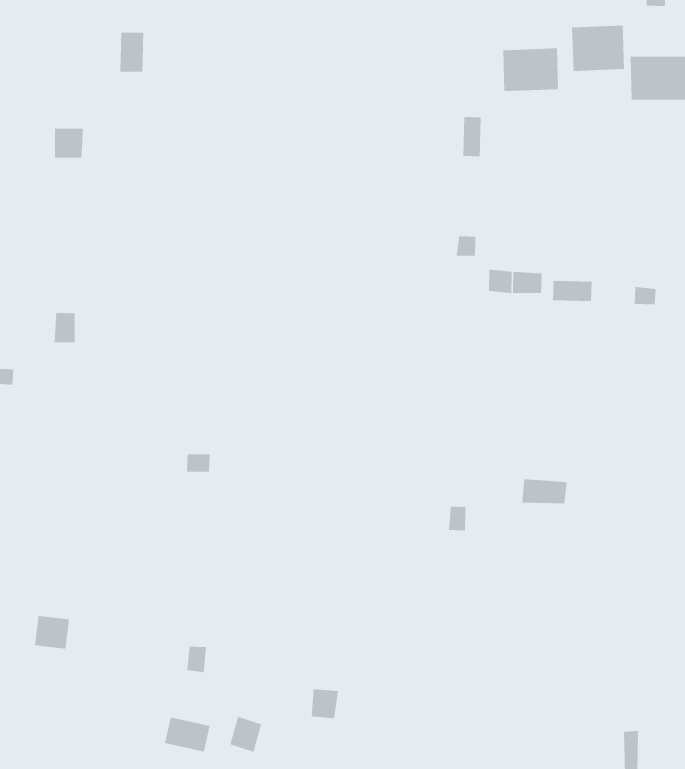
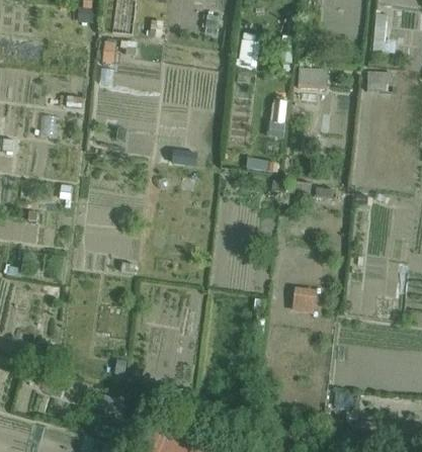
building: [571,25,625,72] -> none

